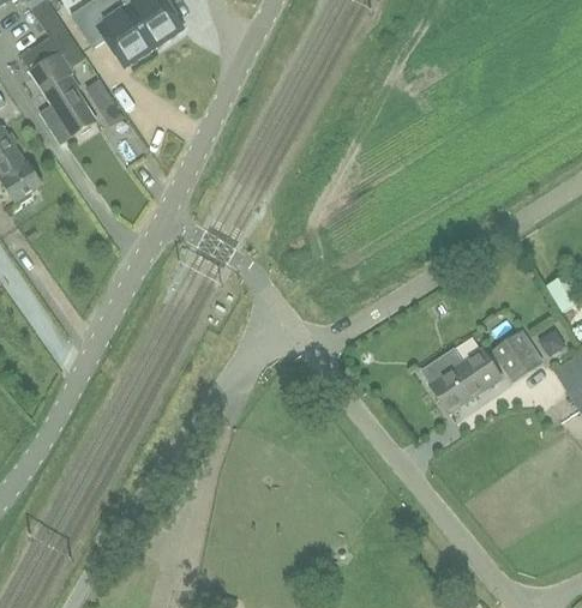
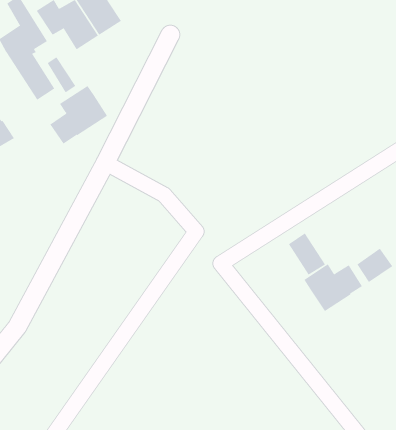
building: none -> [49,85,108,145]
building: none -> [288,233,326,276]

